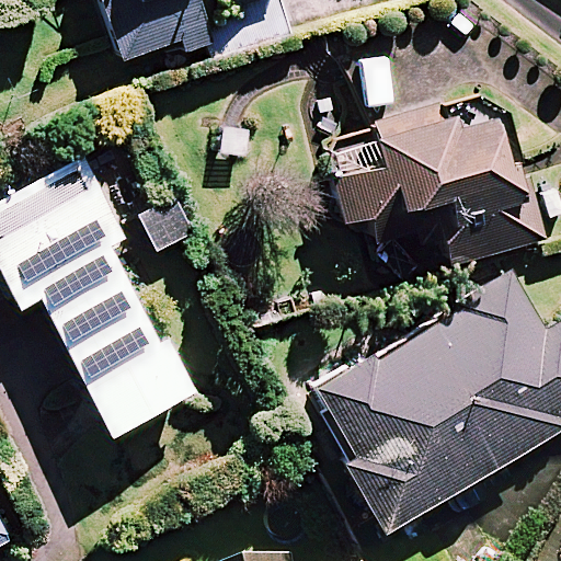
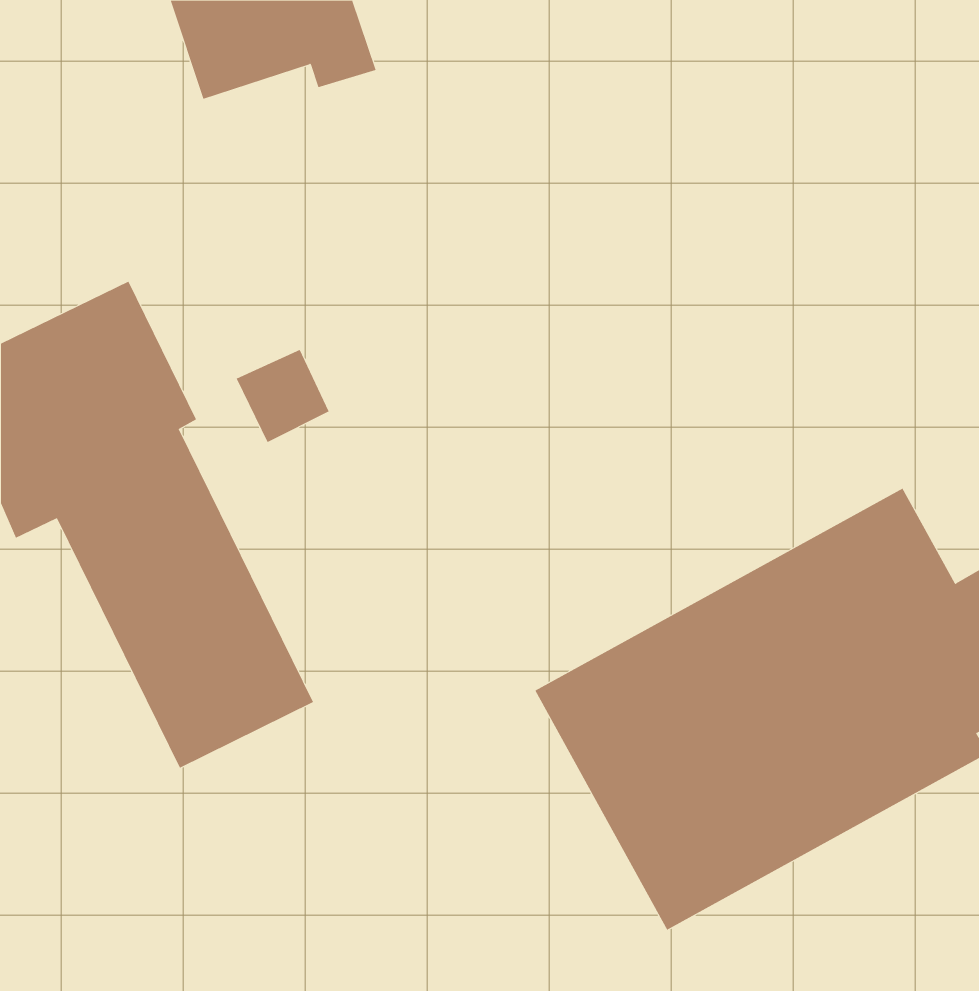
building: [333,106,541,268] -> none

